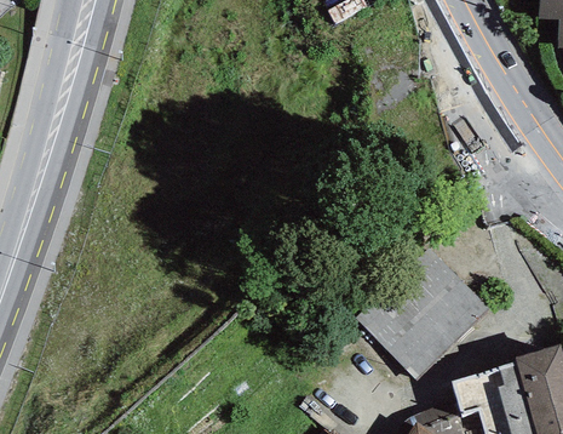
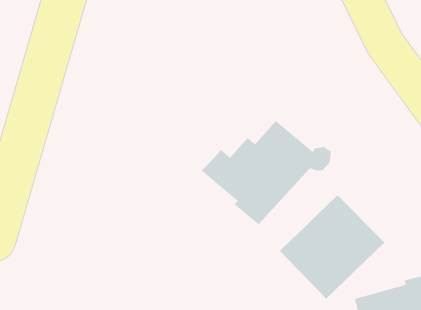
building: none -> [201,120,332,225]

